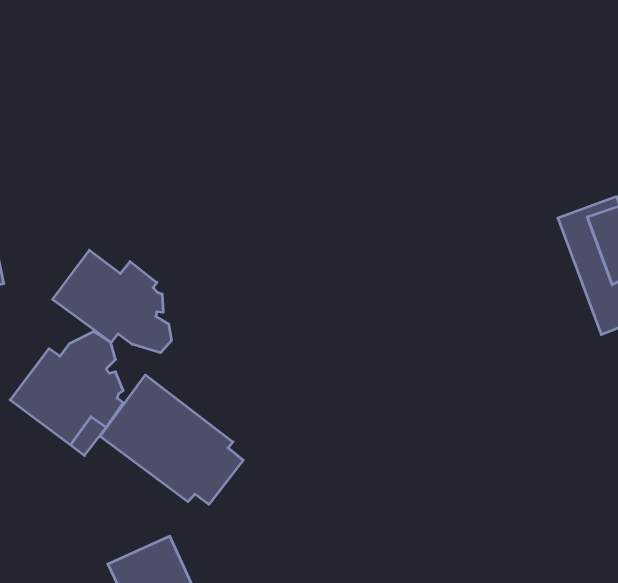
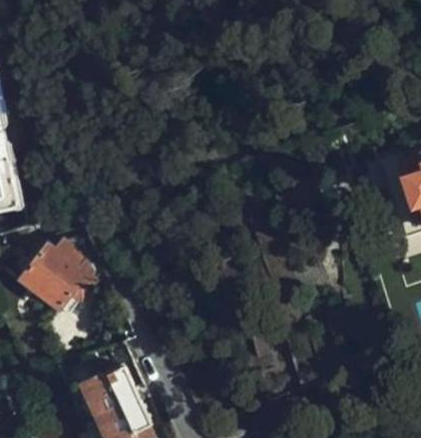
building: [53,250,172,353] -> none
building: [100,375,243,504] -> none

